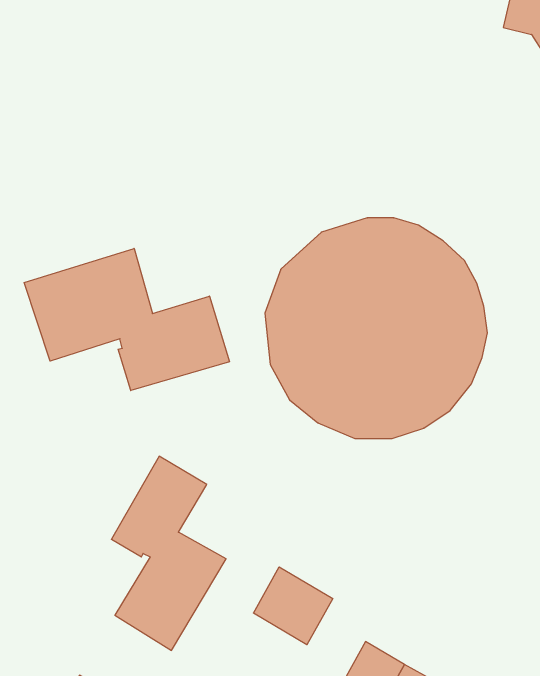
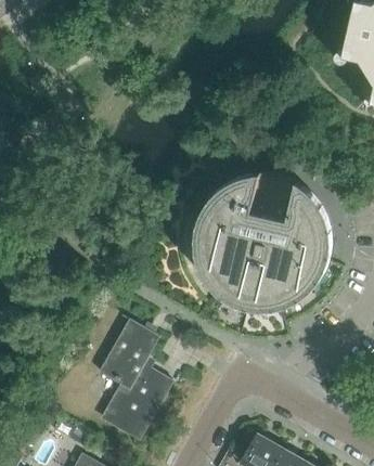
building: [24,248,230,391] -> none
building: [253,567,333,645] -> none

